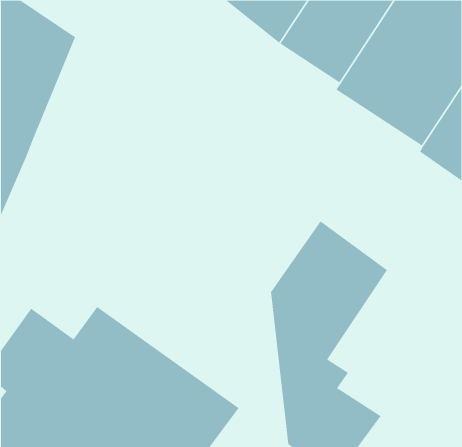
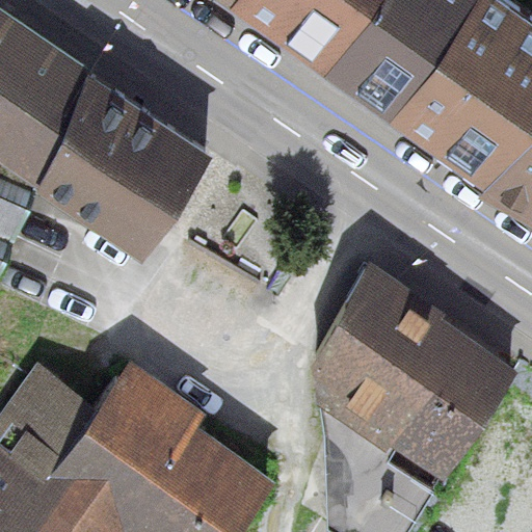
building: none -> [38,59,214,251]
building: none -> [377,327,520,479]

